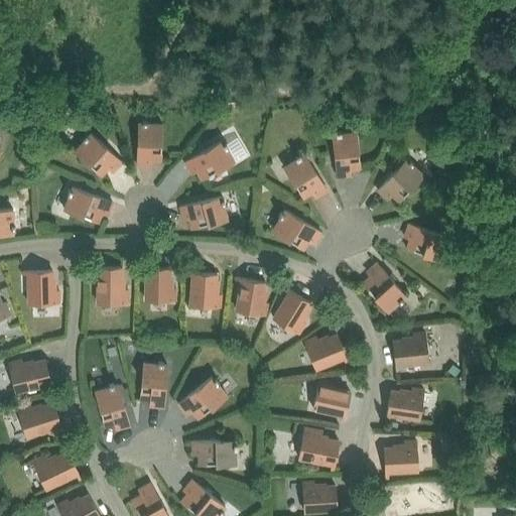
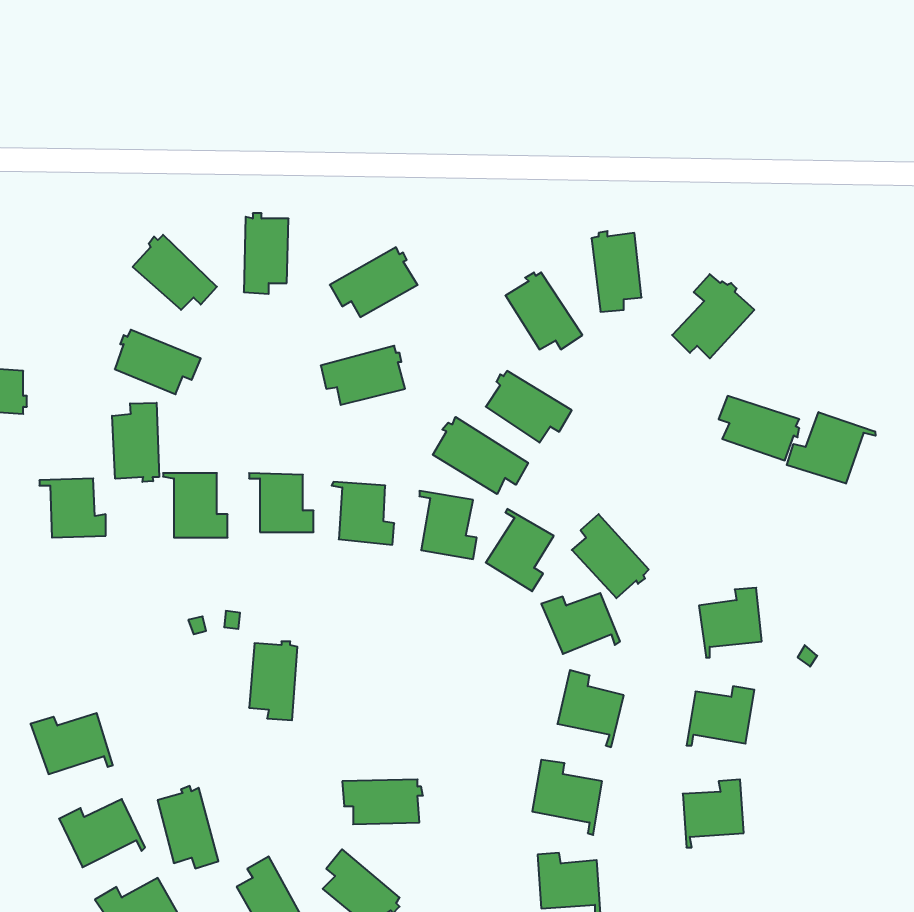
building: none -> [112,403,159,482]
building: none -> [787,412,876,484]
building: none -> [433,417,528,494]
building: [363,264,406,311] -> [572,514,649,598]
building: [9,360,52,393] -> none
building: [179,378,227,419] -> none
building: [96,384,130,430] -> [158,786,218,868]

